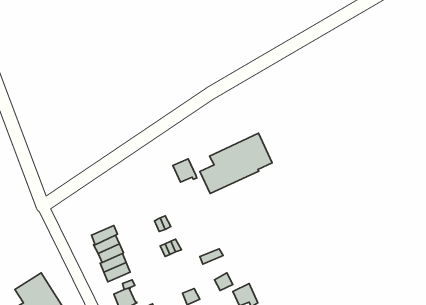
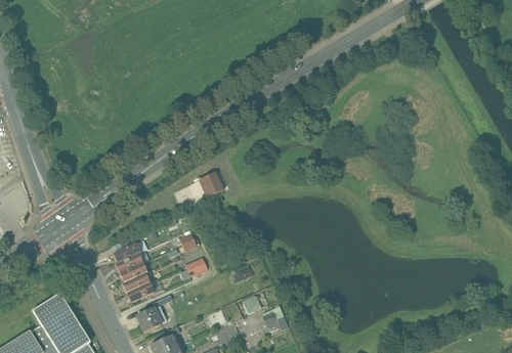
building: [200,133,272,194] -> none

